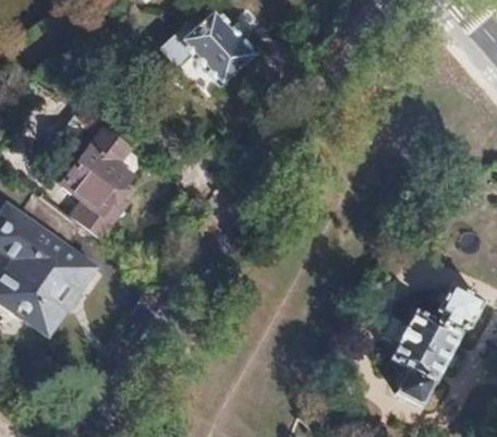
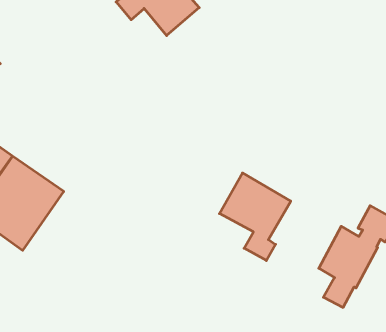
building: [61,129,136,238] -> none
building: none -> [219,173,291,261]

